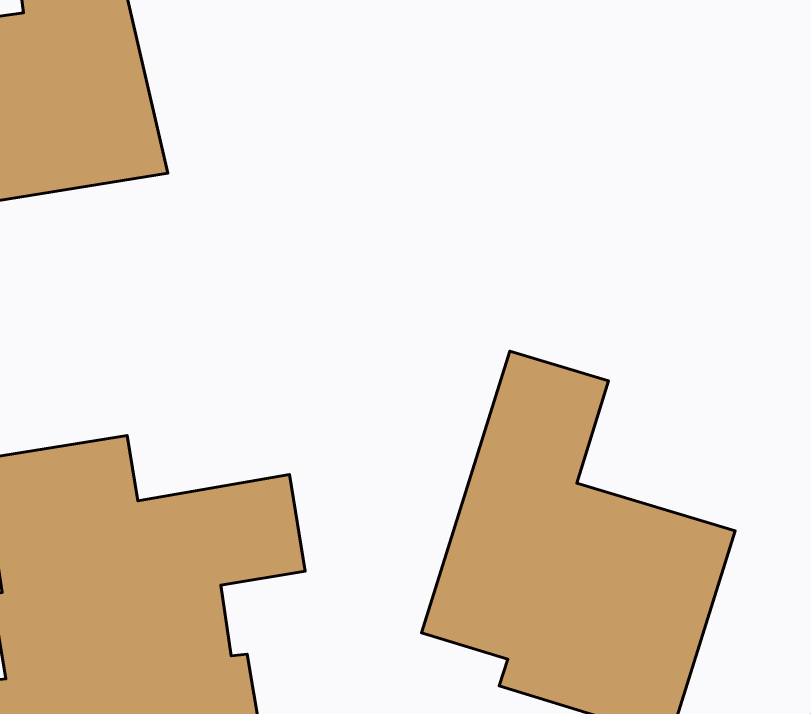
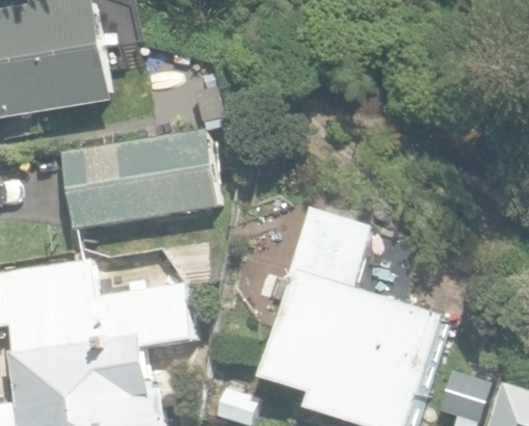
building: none -> [63,130,218,230]

